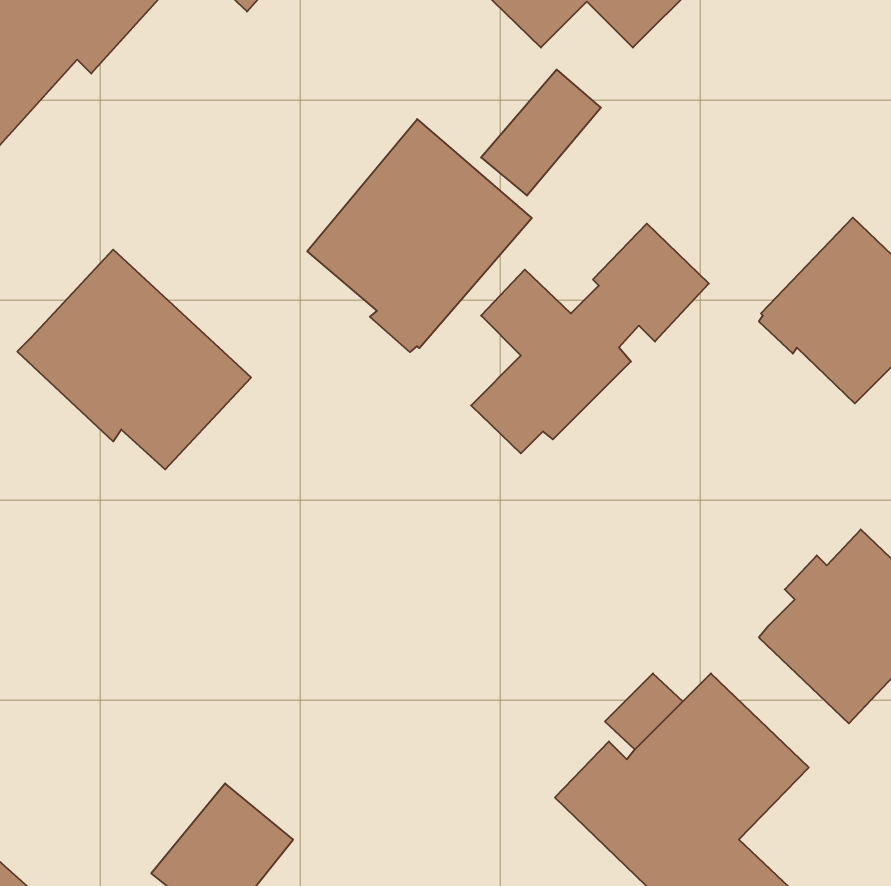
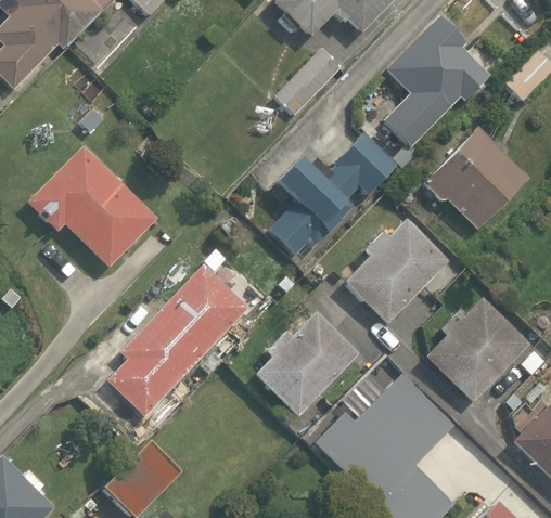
building: none -> [384,16,492,148]
building: [307,119,532,352] -> none
building: none -> [346,219,451,323]
building: none -> [99,267,242,416]
building: none -> [257,312,360,416]

